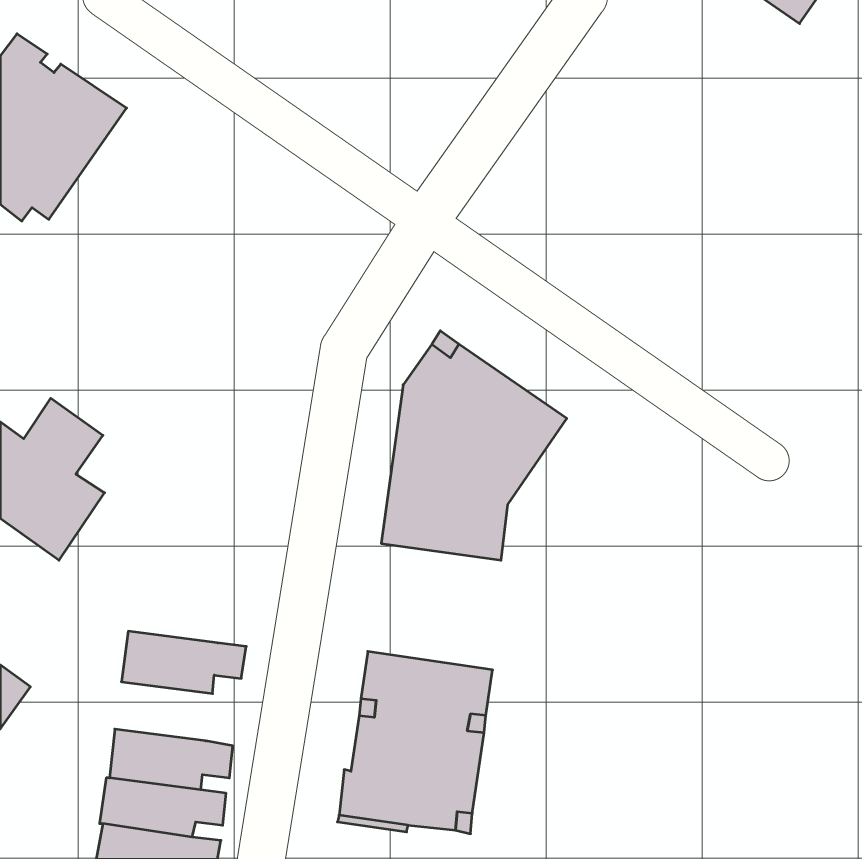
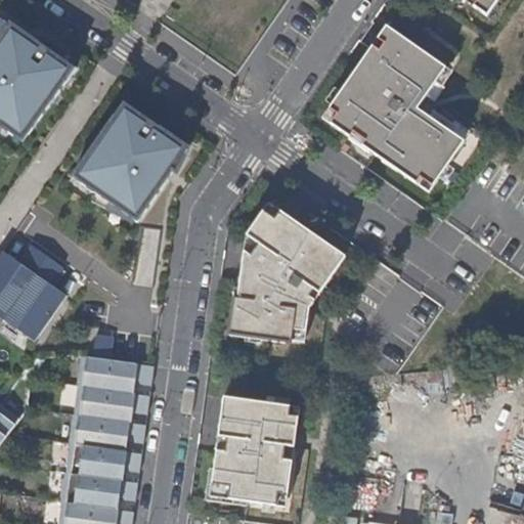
building: none -> [321,25,460,189]
building: none -> [78,98,189,219]
building: none -> [76,354,154,390]
building: none -> [69,413,145,449]

